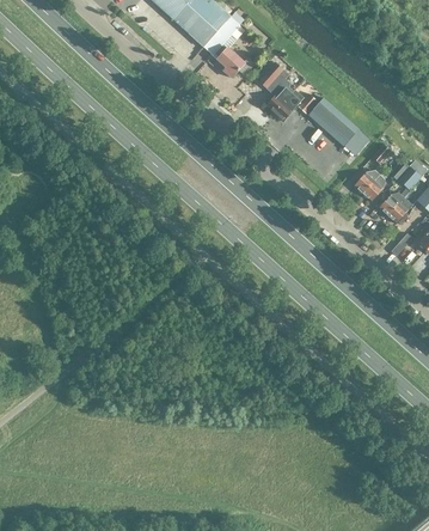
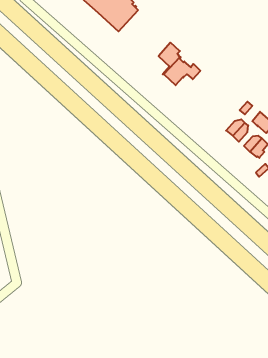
building: [203,17,255,78] -> none
building: [308,97,360,146] -> none

